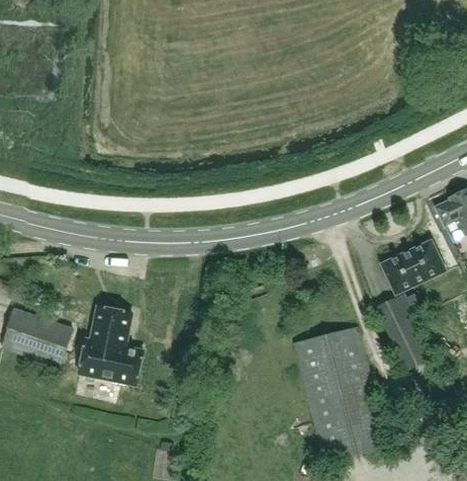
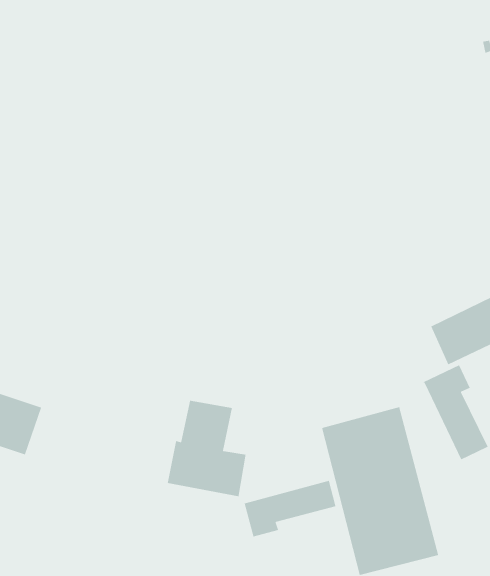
building: [79,306,143,384] -> [167,400,247,497]
building: none -> [244,480,336,538]

